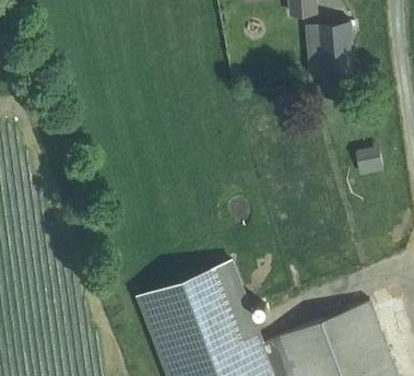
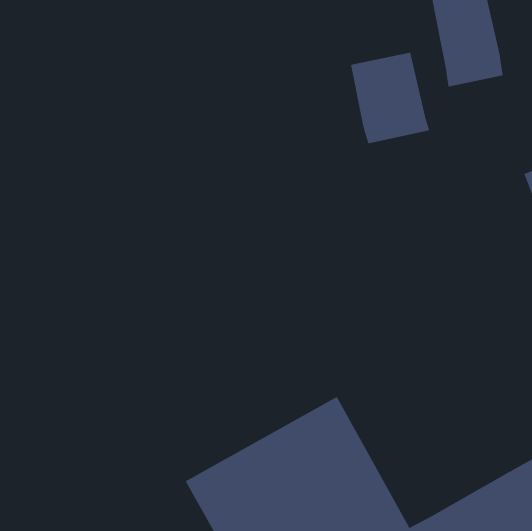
building: none -> [350,52,430,144]

